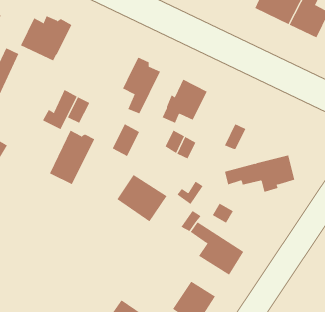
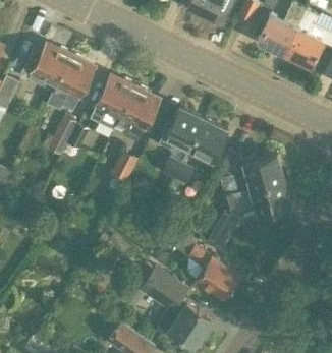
building: none -> [57,55,95,111]
building: none -> [190,120,228,162]
building: none -> [244,156,284,190]
building: [49,130,95,185] -> [92,77,136,131]
building: [116,174,167,222] -> [141,264,190,311]

